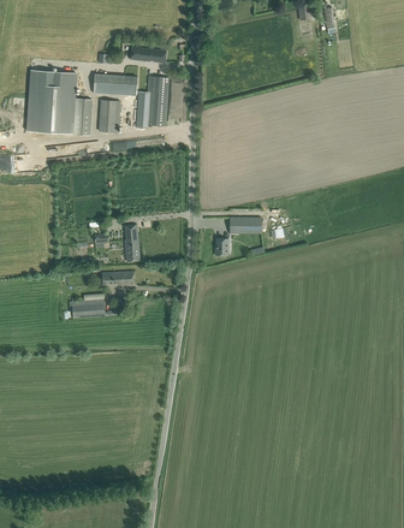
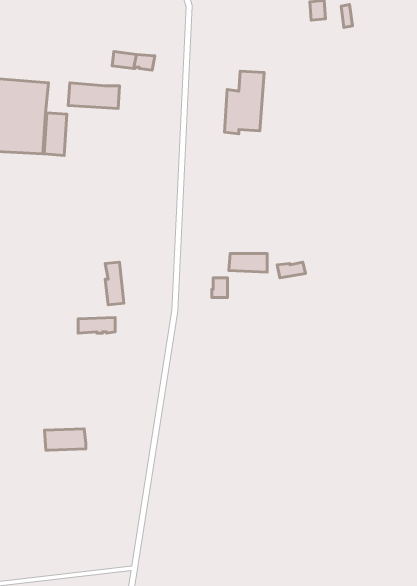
building: [135,76,168,129] -> [224,71,264,134]
building: [99,100,119,132] -> none
building: [69,299,103,318] -> [44,429,86,450]

